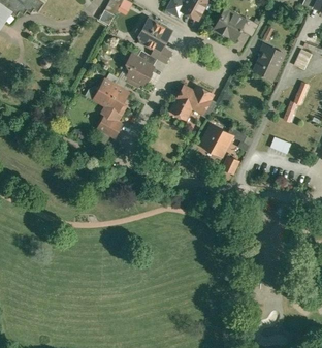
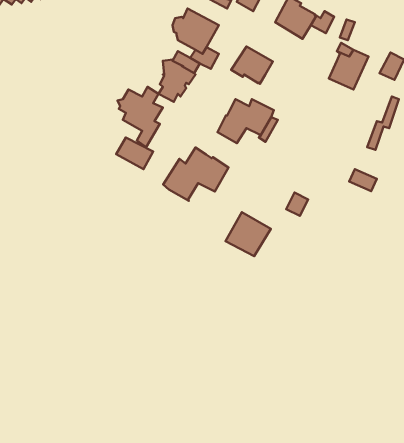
building: none -> [231,47,273,84]
building: none -> [163,148,228,201]
building: [199,124,233,157] -> [225,212,271,256]

